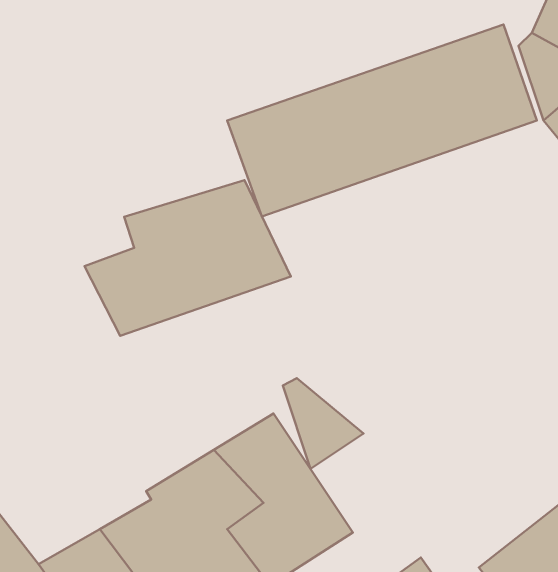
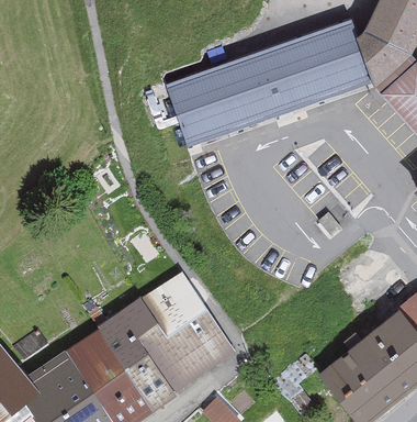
building: [85,180,291,336] -> none
building: [283,378,363,469] -> none

